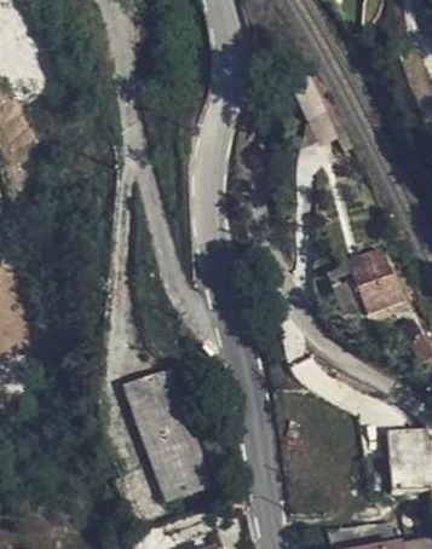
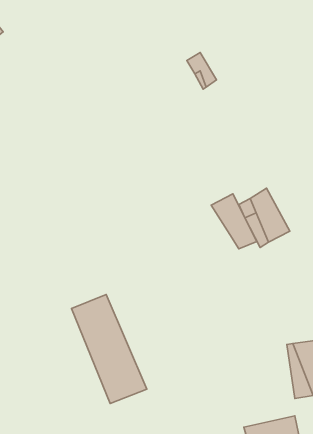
building: none -> [211,194,257,249]

